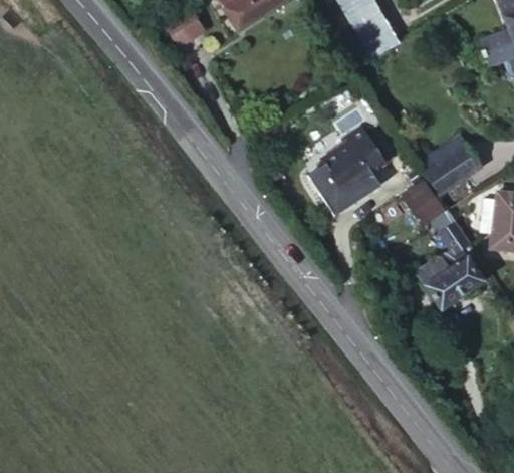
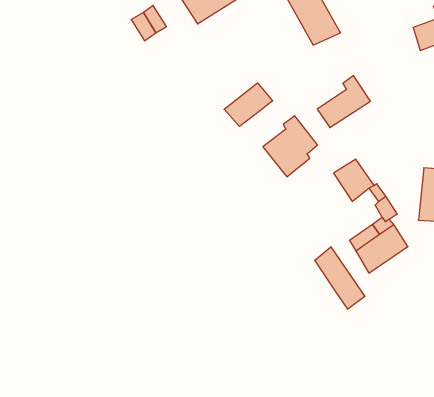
building: none -> [224,83,273,126]
building: [421,140,481,199] -> [317,76,370,128]
building: none -> [315,247,365,309]

